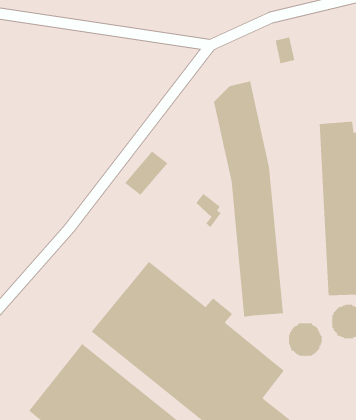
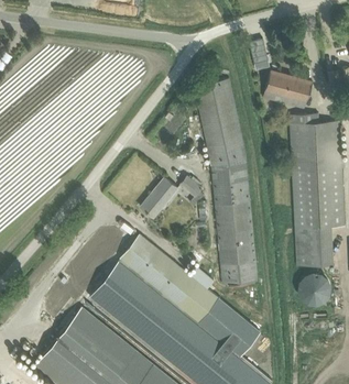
building: none -> [263,70,313,109]
building: [124,150,168,196] -> [140,178,178,218]
building: [288,323,323,358] -> none

